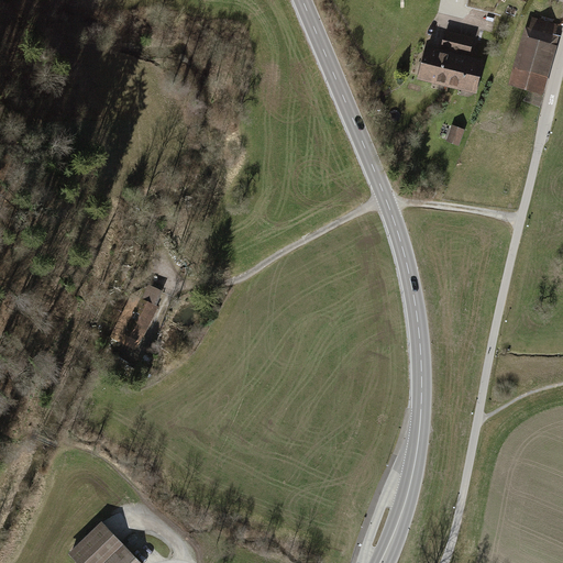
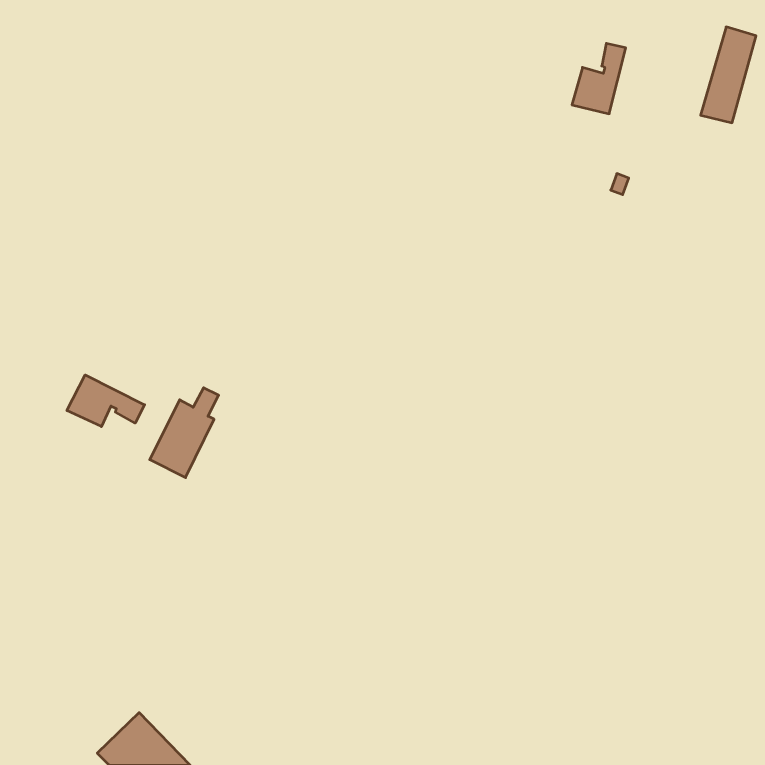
building: [448,35,481,90] -> none
building: none -> [67,375,145,427]

